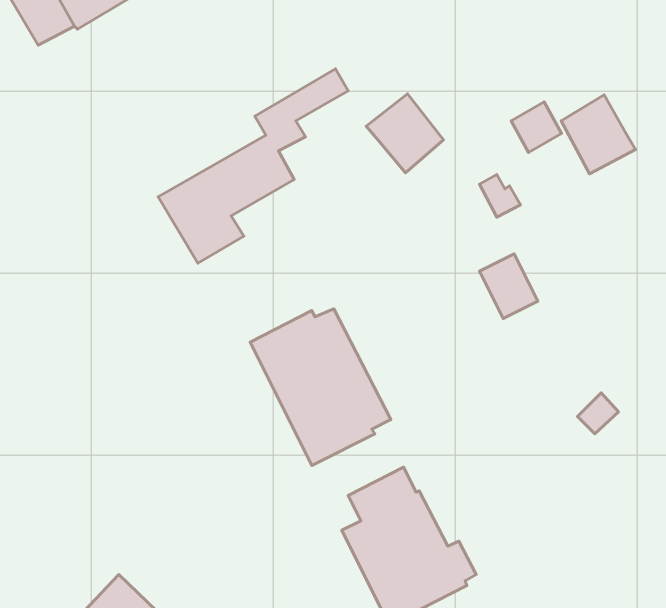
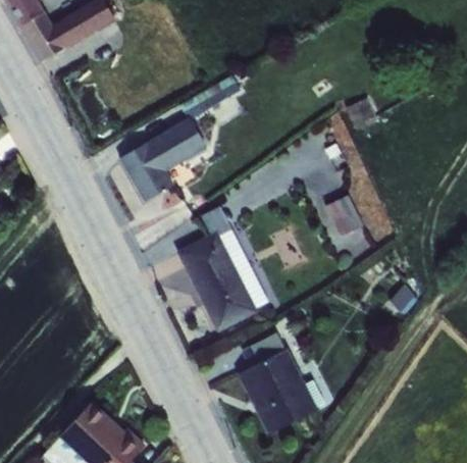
building: [366,94,444,173] -> none
building: [561,95,635,174] -> none

